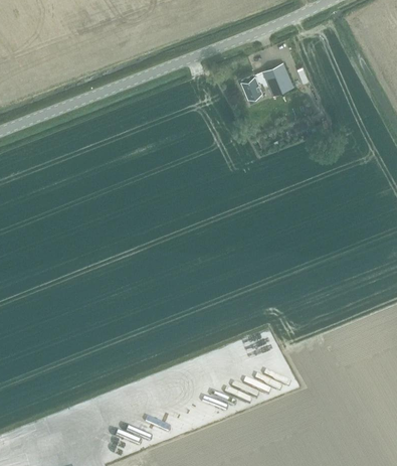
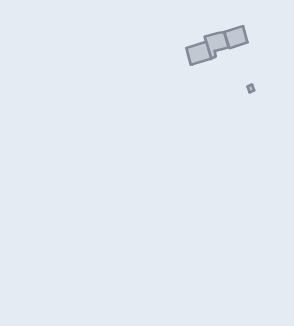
building: none -> [186,42,211,65]

